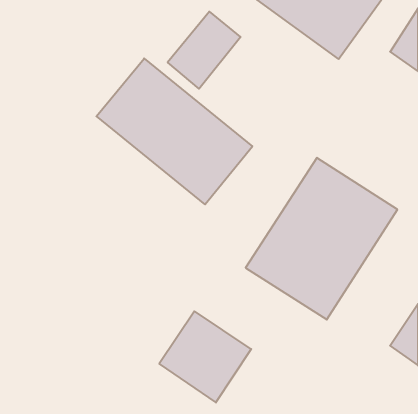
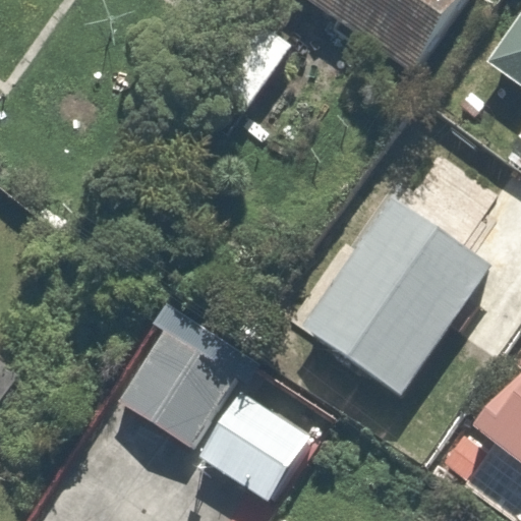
building: [96,58,252,204] -> none
building: none -> [116,323,239,447]

